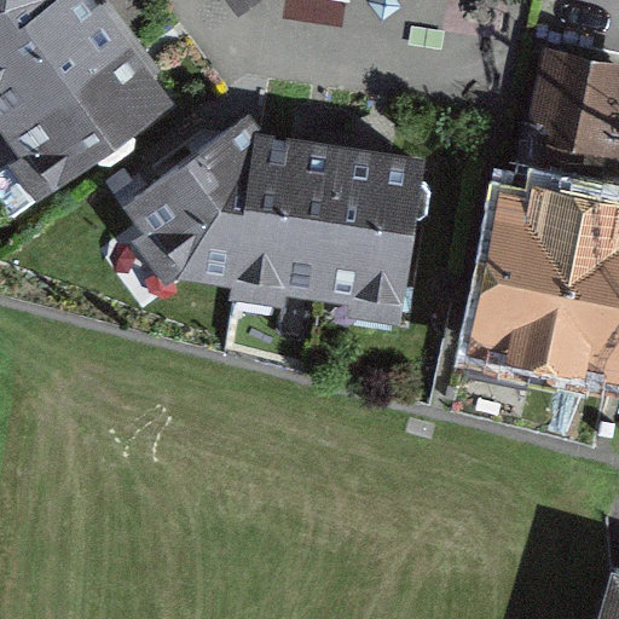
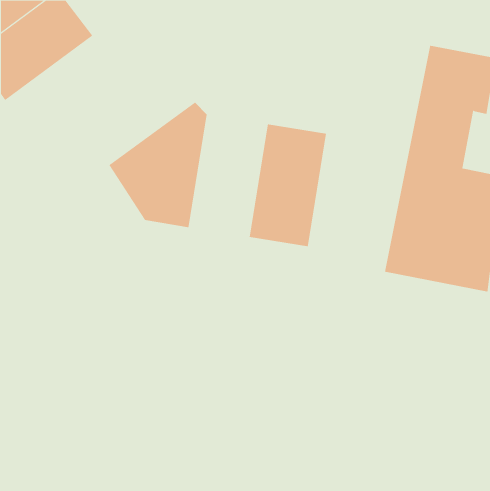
building: [7,45,161,185] -> none
building: [239,144,337,299] -> none

